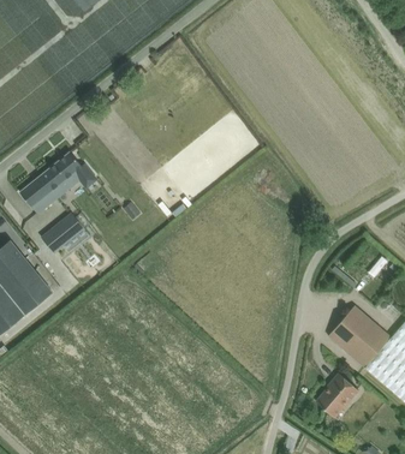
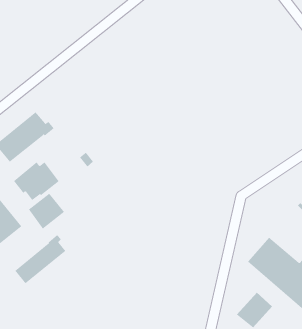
building: none -> [28,193,65,229]
building: none -> [15,234,66,284]

